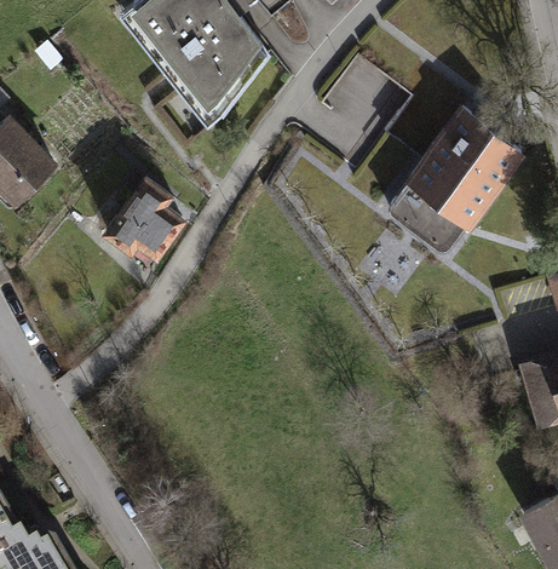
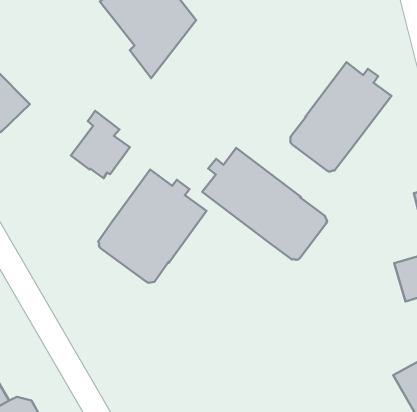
building: none -> [202,148,327,260]
building: none -> [98,169,207,283]

